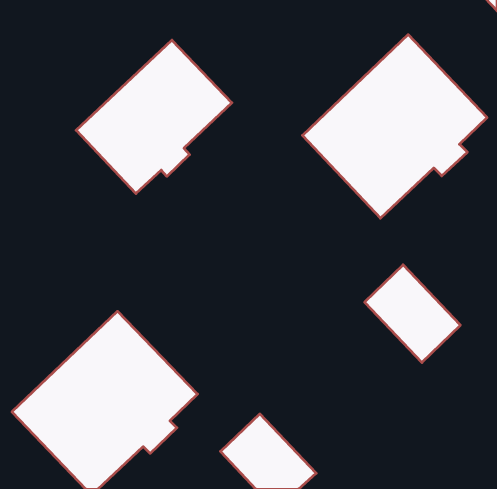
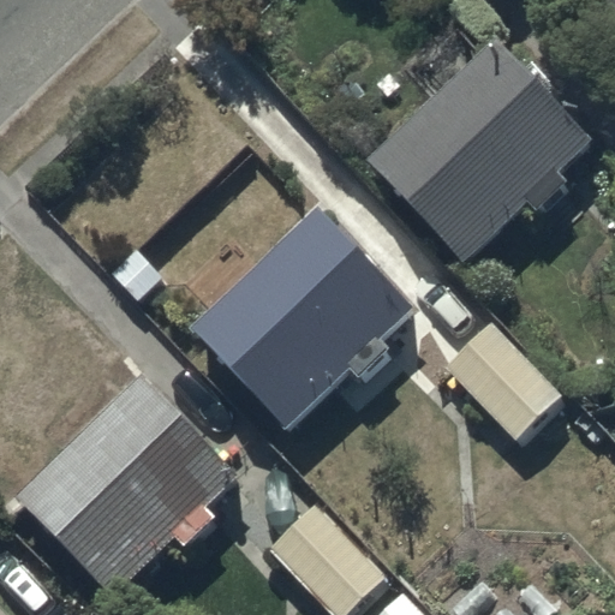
building: [76,40,232,194] -> none
building: none -> [191,210,414,434]

